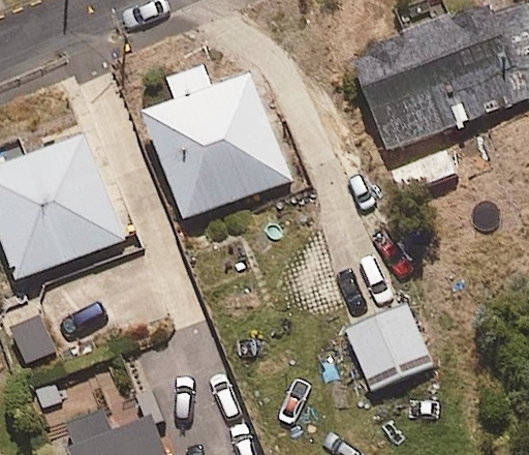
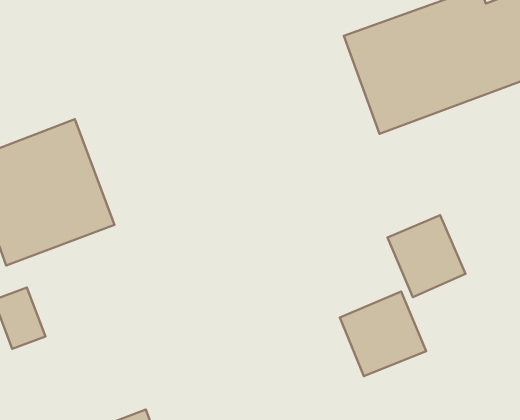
building: [144,68,290,218] -> none
building: none -> [388,215,465,297]

